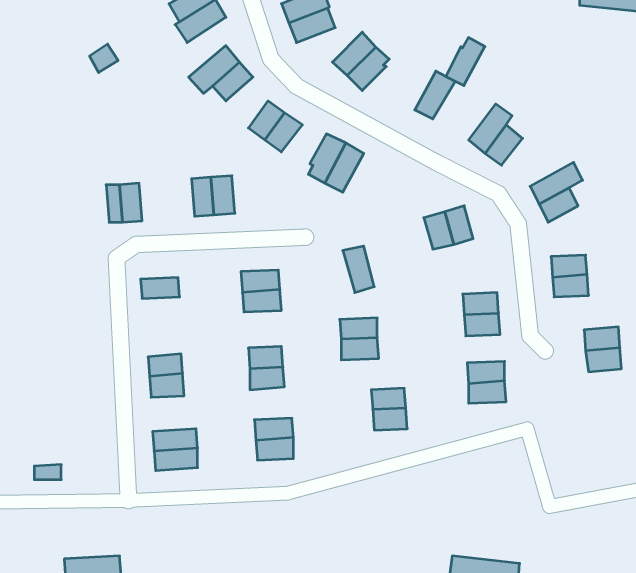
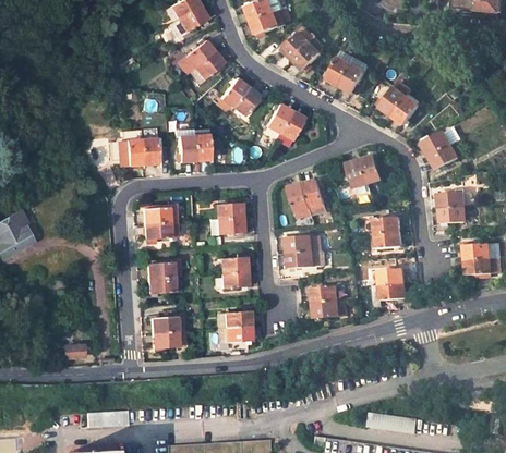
building: [446,38,485,86] -> [328,50,357,85]
building: none -> [141,137,158,166]
building: none -> [304,180,327,213]
building: none -> [143,221,171,237]

